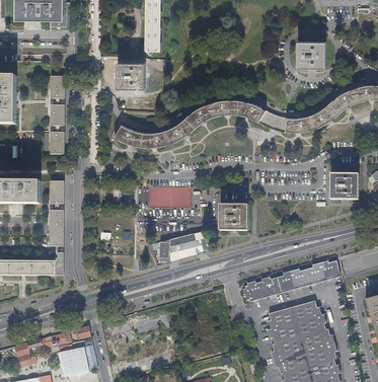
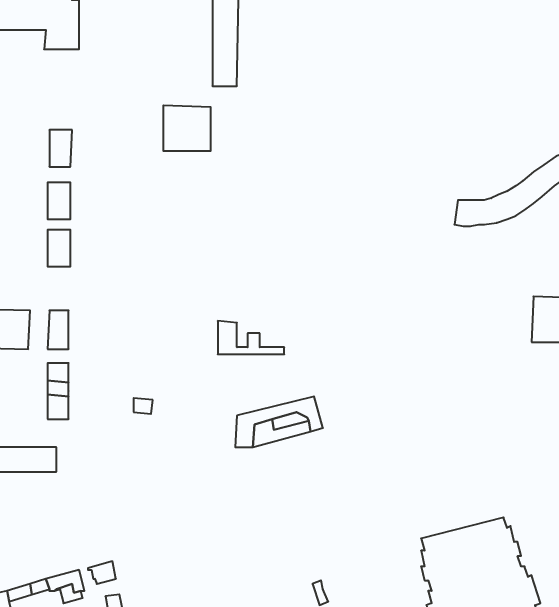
building: [297,41,324,67] -> none
building: [112,98,270,146] -> none
building: [219,204,247,229] -> none
building: [241,260,337,302] -> none

